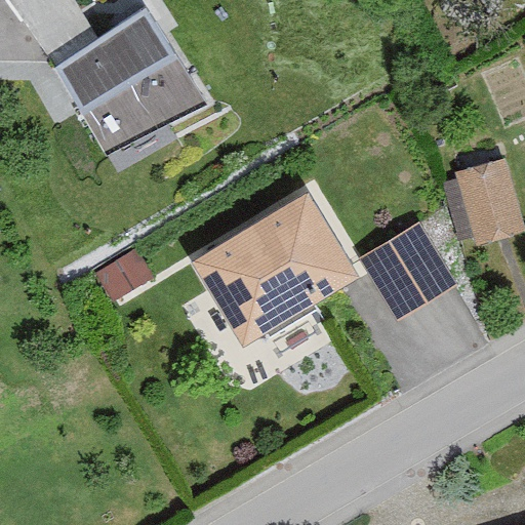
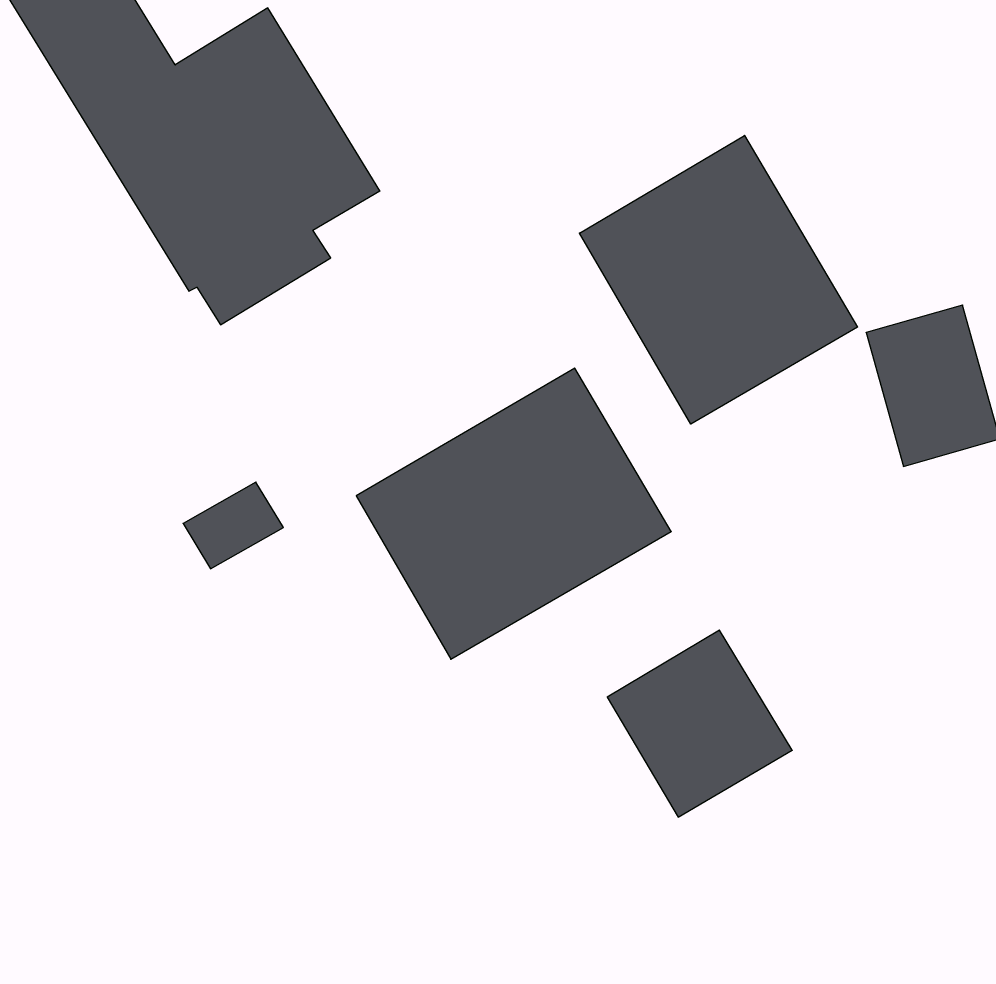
building: none -> [579,135,858,424]
building: [362,221,458,319] -> [607,630,792,817]

